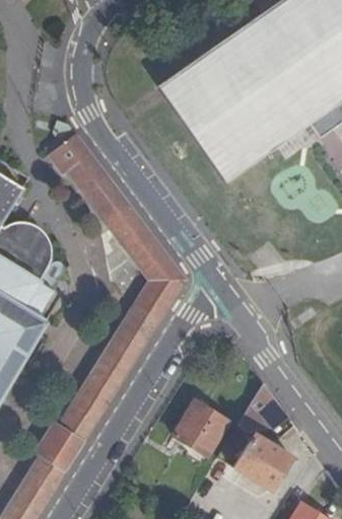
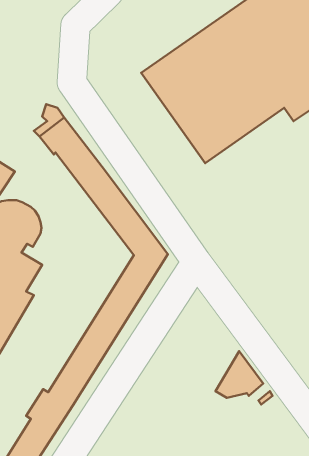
building: [175,401,228,456] -> none
building: [234,435,291,491] -> none

